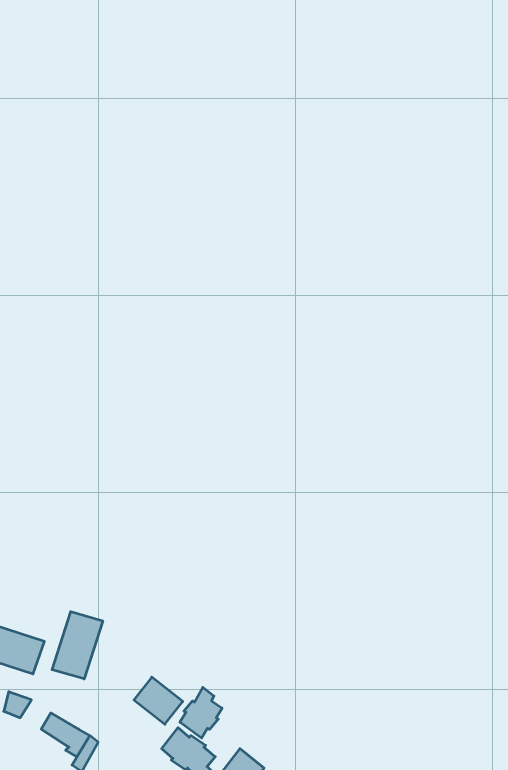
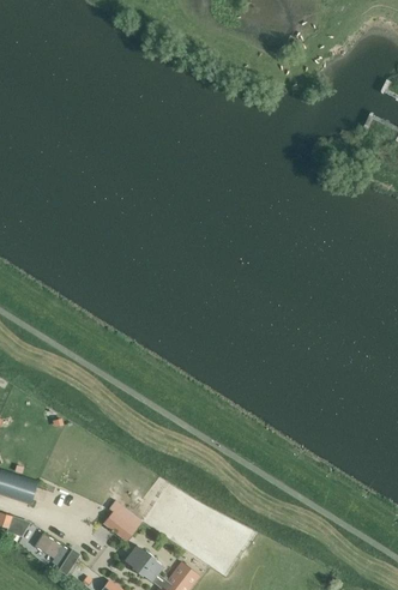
building: [52,612,103,679] -> none
building: [180,687,222,738] -> none

